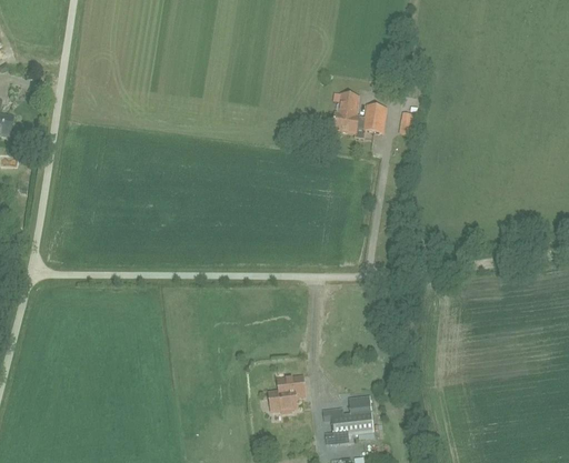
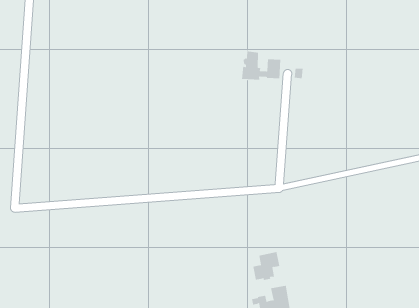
building: [268,375,303,411] -> [252,251,280,280]

